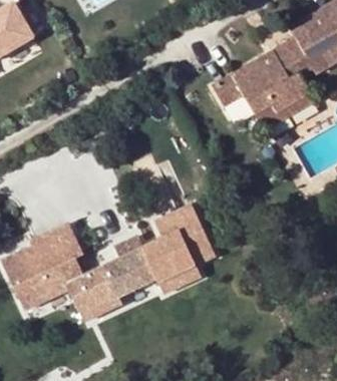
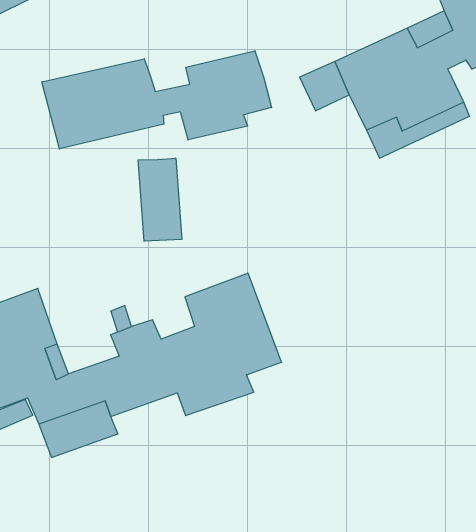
building: none -> [42,51,272,149]
building: none -> [138,158,182,241]

